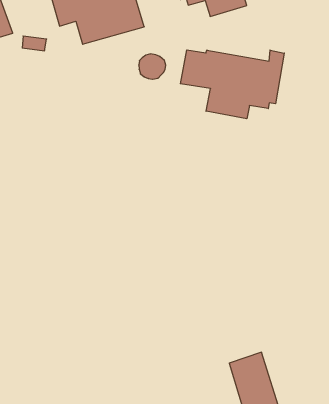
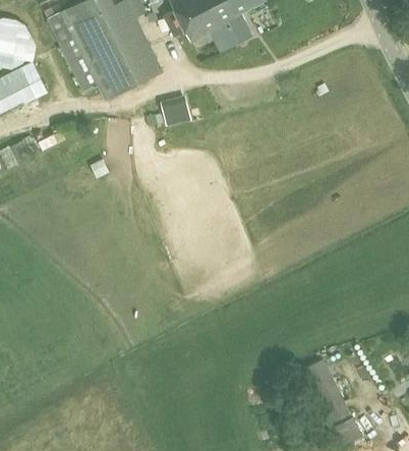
building: [180,50,284,119] -> none

